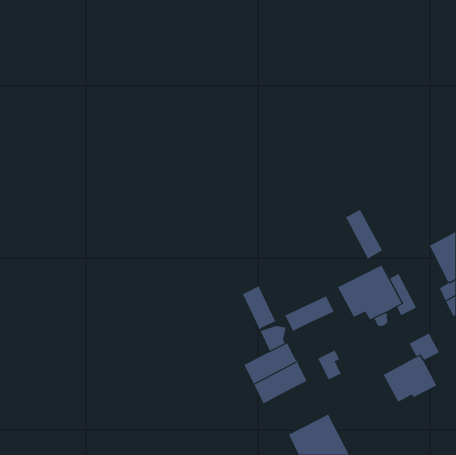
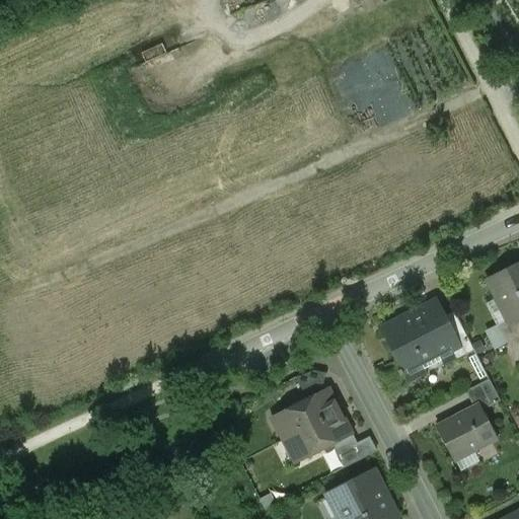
building: [345,209,383,259] -> none
building: [242,286,276,331] -> none
building: [283,296,334,332] -> none
building: [317,349,342,380] -> [331,431,359,466]

